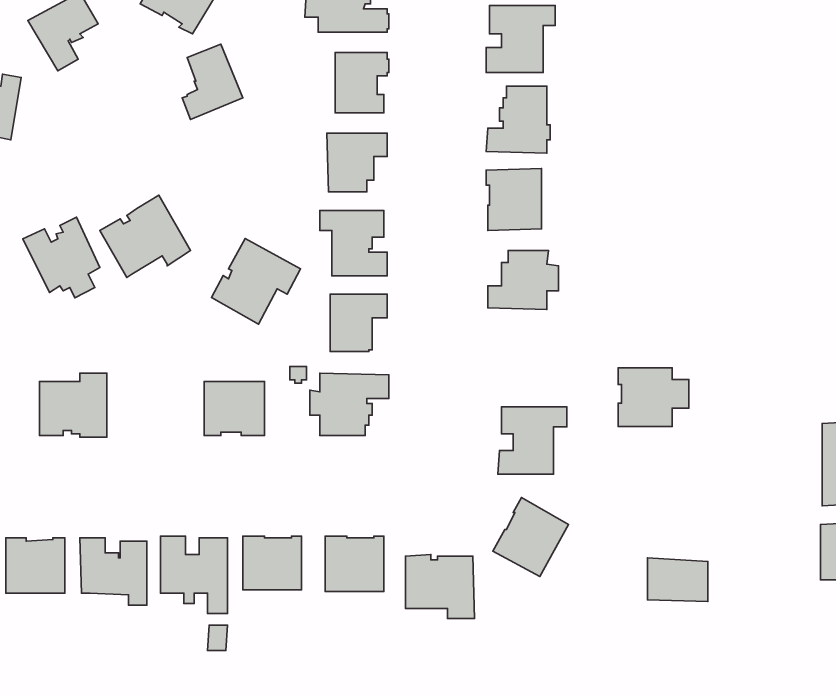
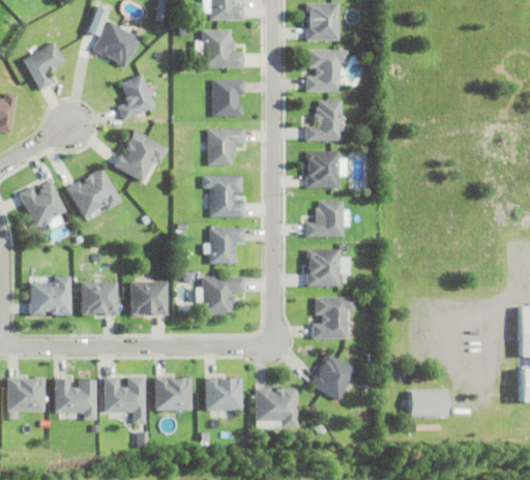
building: [212,239,301,324] -> [114,129,169,182]
building: [618,368,689,427] -> [306,249,350,286]
building: none -> [82,281,119,314]

